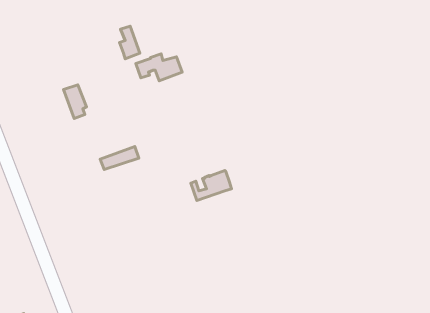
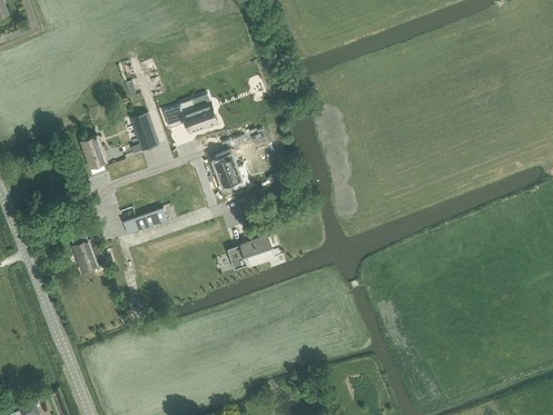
building: [119,26,140,59] -> [134,112,157,150]
building: none -> [213,150,248,189]
building: none -> [71,239,103,271]

